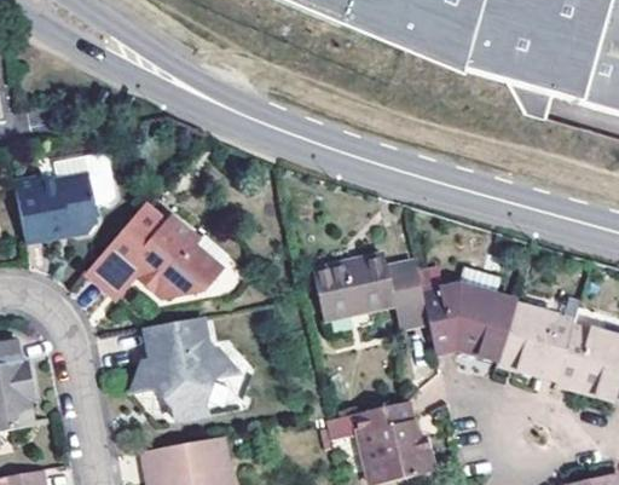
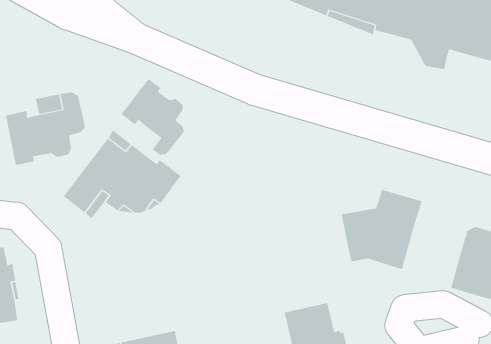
building: none -> [121,78,185,155]
building: [313,259,430,331] -> none
building: [499,304,575,377] -> none
building: [133,316,233,420] -> none

